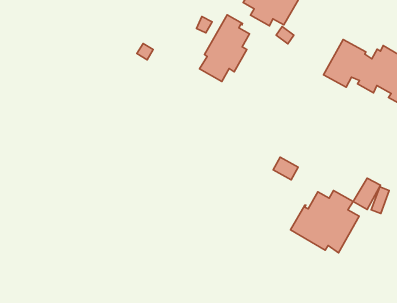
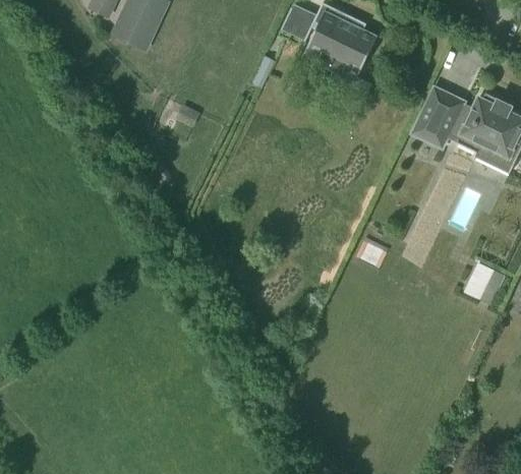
building: [199,15,250,82] -> none
building: [291,191,359,253] -> none

